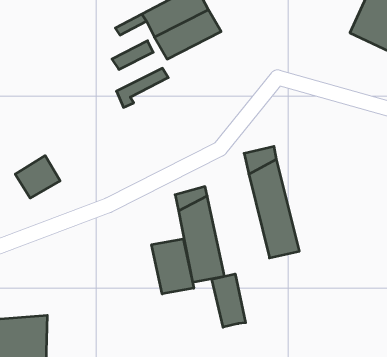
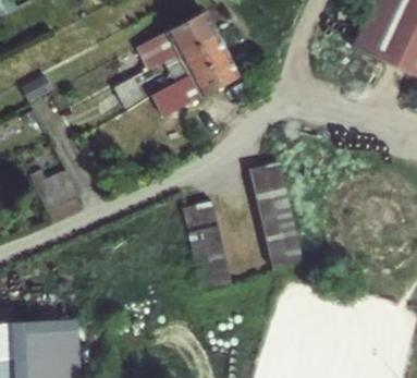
building: none -> [177,51,242,98]
building: [152,239,194,294] -> none
building: [212,274,246,327] -> none

